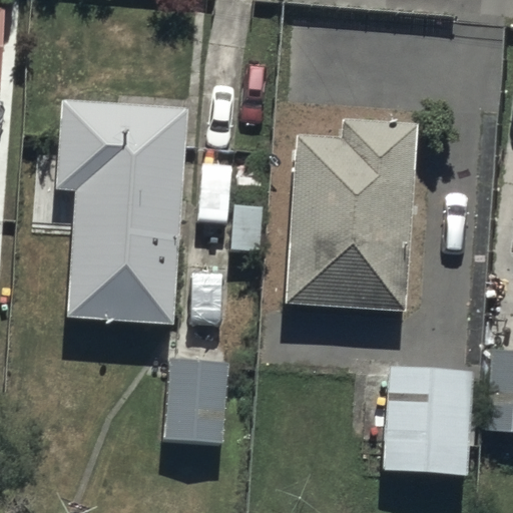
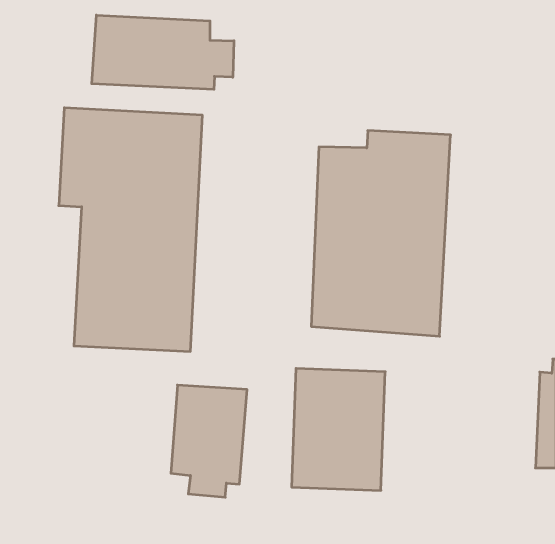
building: none -> [92,15,234,89]
building: [383,363,469,475] -> [292,368,385,490]

